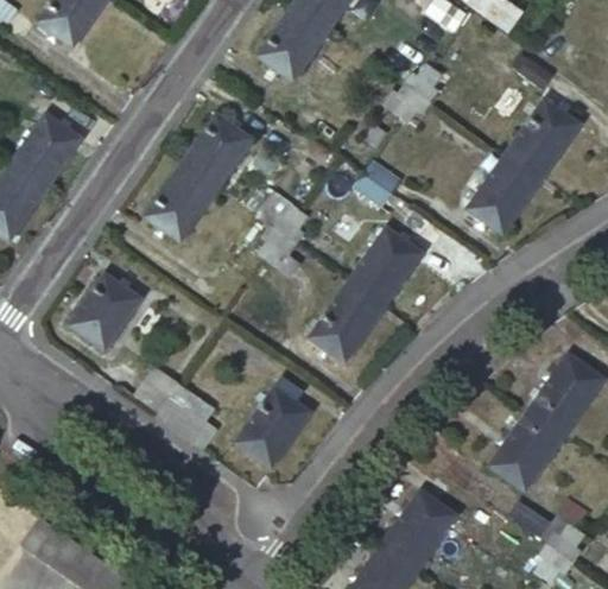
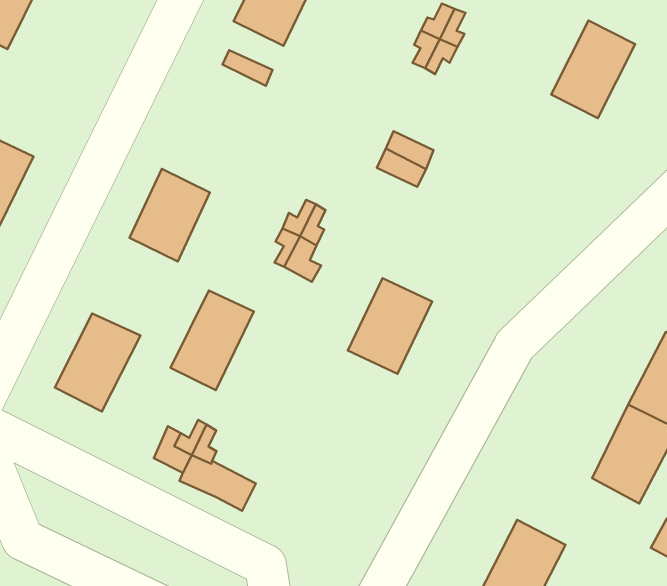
building: [182,116,253,191] -> none
building: [463,156,537,234] -> none
building: [344,223,422,306] -> none
building: [235,388,309,469] -> [171,290,254,390]

